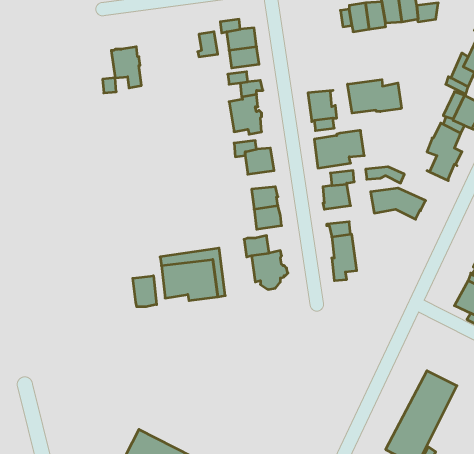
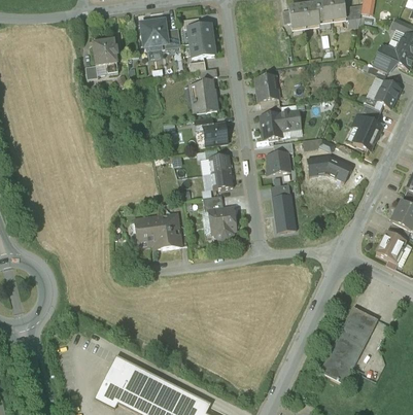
building: none -> [140,21,167,49]
building: [348,80,401,113] -> none
building: [133,276,157,307] -> none

